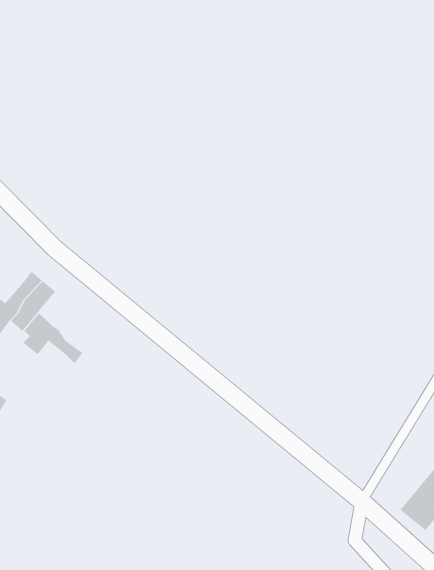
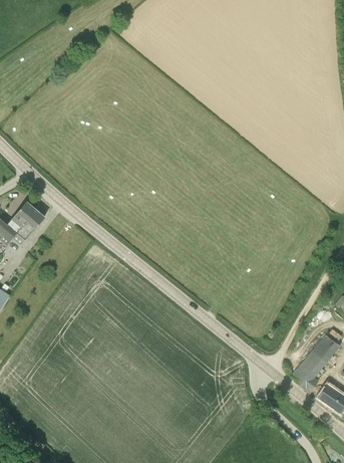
building: [22,313,83,364] -> none

